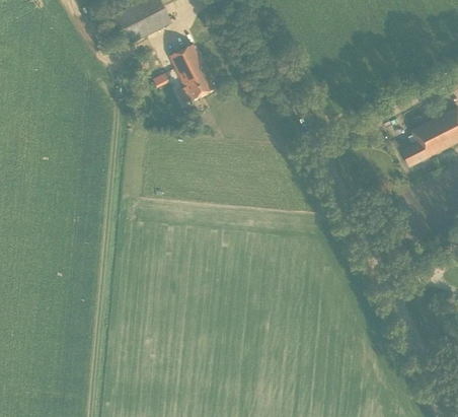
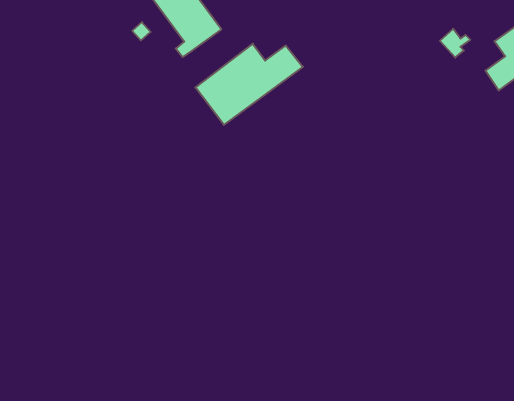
building: none -> [195,44,303,125]

